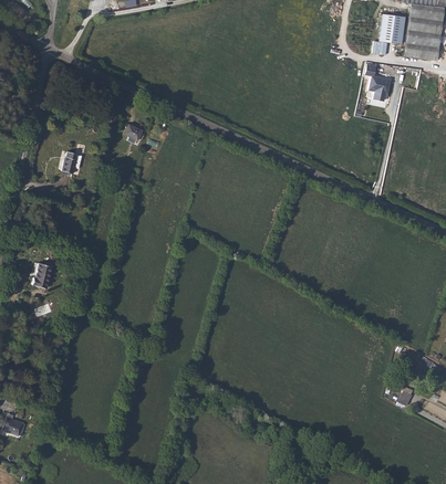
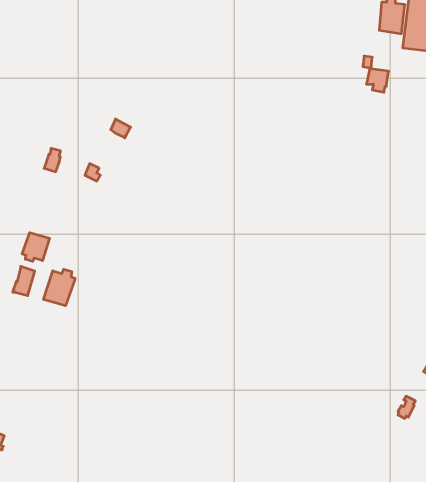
building: none -> [22,233,50,261]
building: none -> [44,269,75,306]

